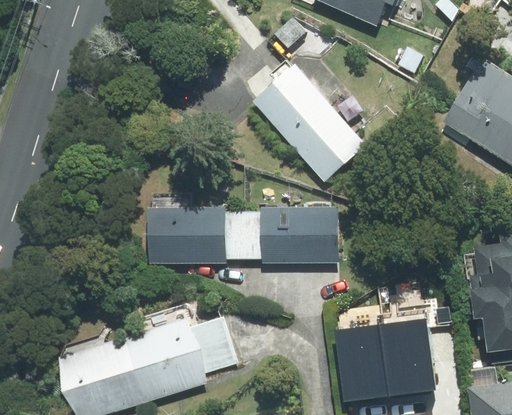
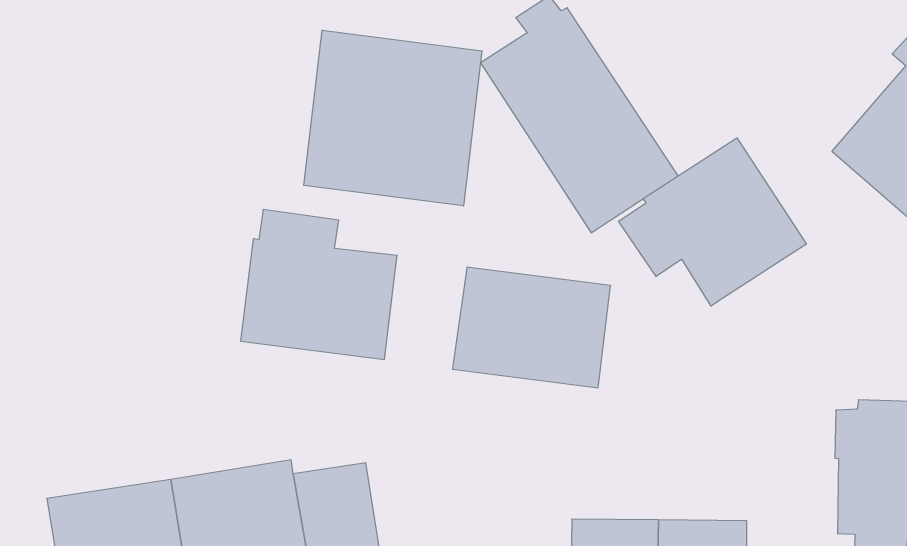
building: none -> [304,30,482,206]
building: none -> [619,138,806,306]
building: [225,211,262,259] -> none

